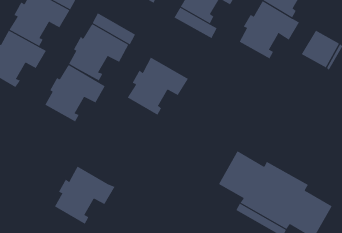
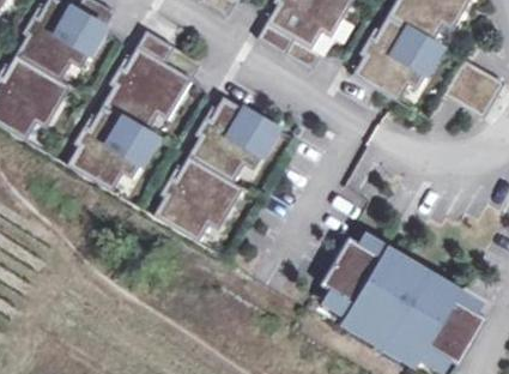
building: [54,166,115,225] -> [158,157,248,243]

